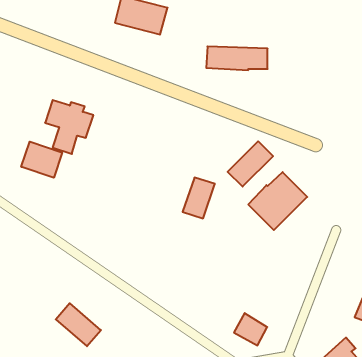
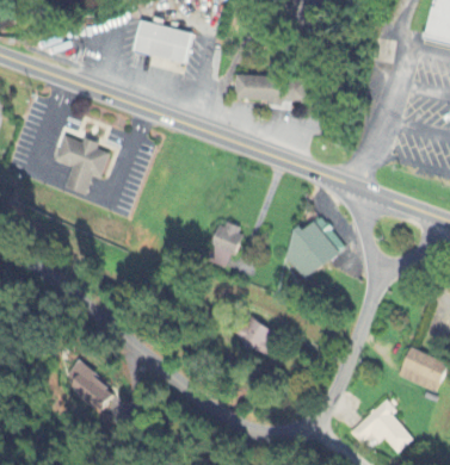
building: [228,141,273,187] -> none
building: [21,142,62,178] -> none
building: [234,313,267,345] -> [236,316,273,352]

